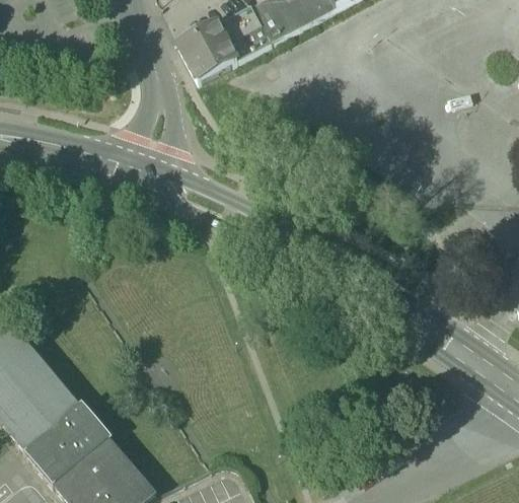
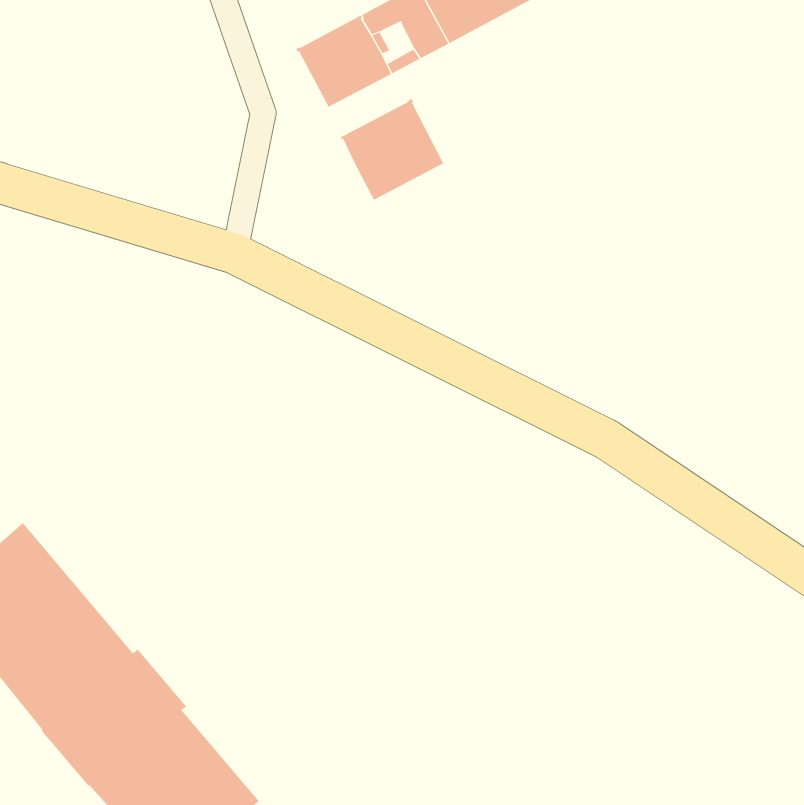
building: none -> [340,98,445,200]

